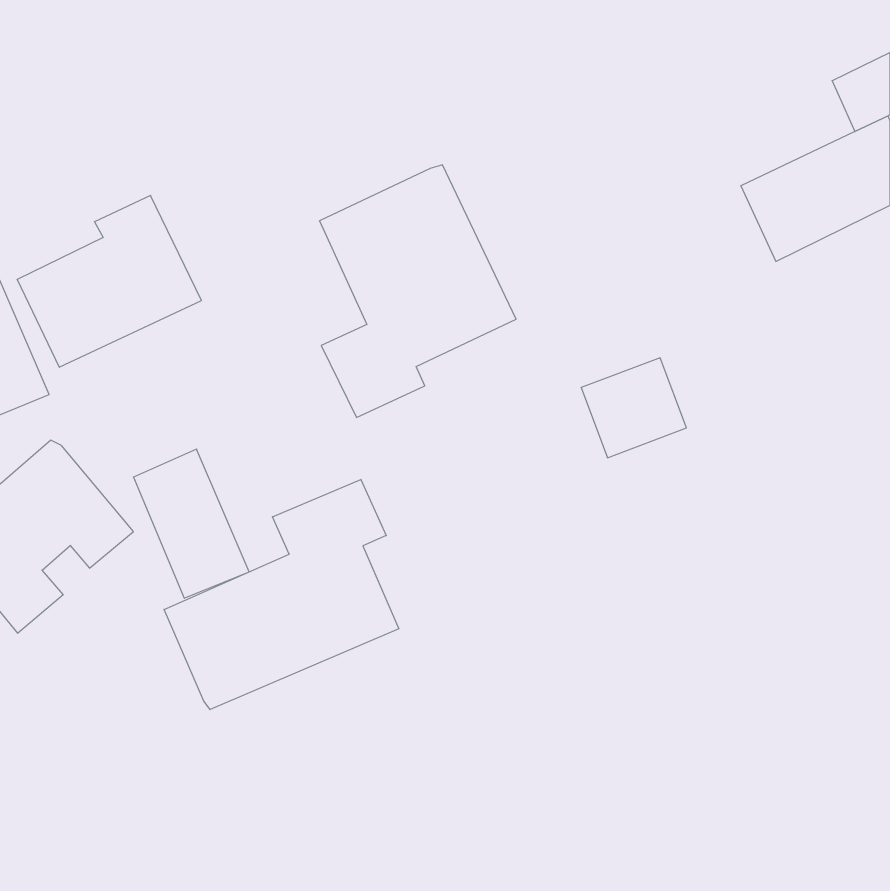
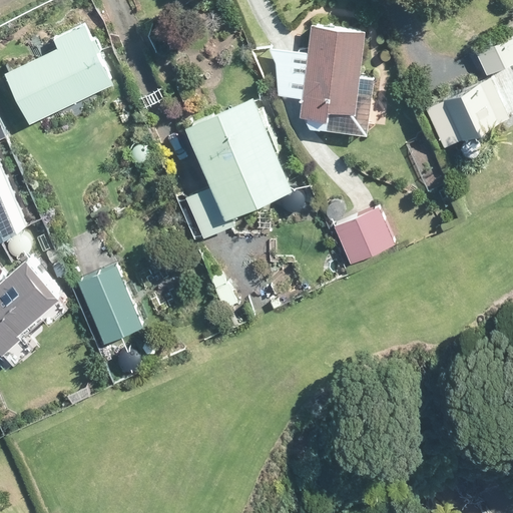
building: none -> [277,32,375,135]
building: [17,195,201,367] -> [8,23,113,121]
building: [164,479,399,710] -> none

